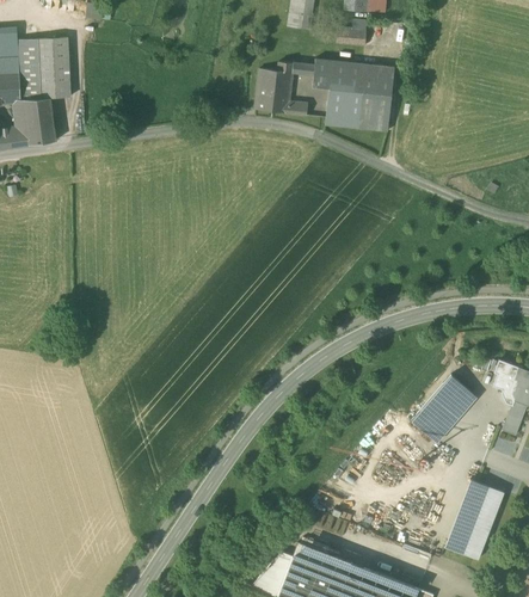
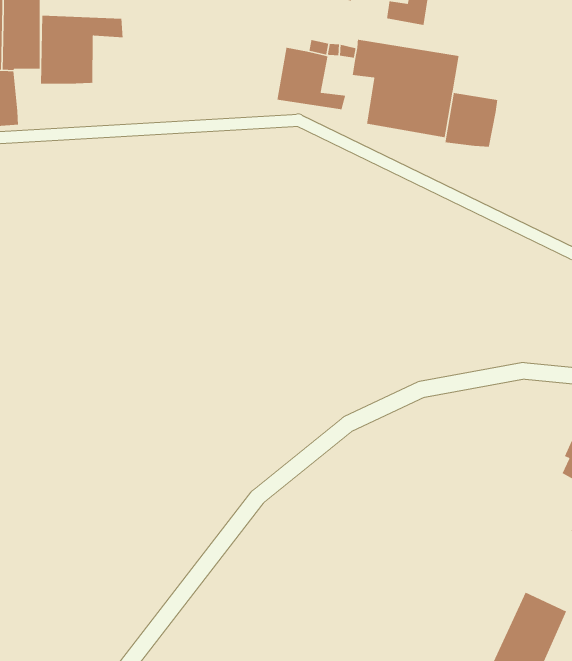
building: none -> [40,15,123,85]
building: none -> [445,92,498,148]
building: [411,374,473,439] -> none

